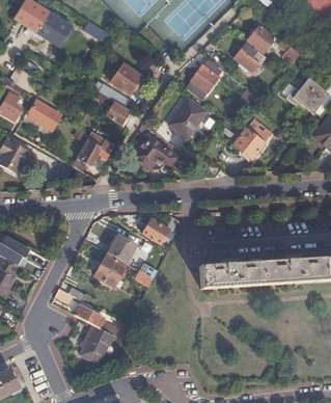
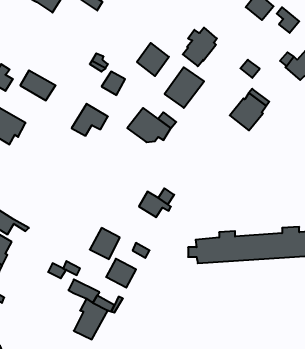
building: [235,44,265,73] -> none
building: [110,62,141,95] -> [137,43,169,76]
building: [107,234,136,262] -> [106,259,136,288]

